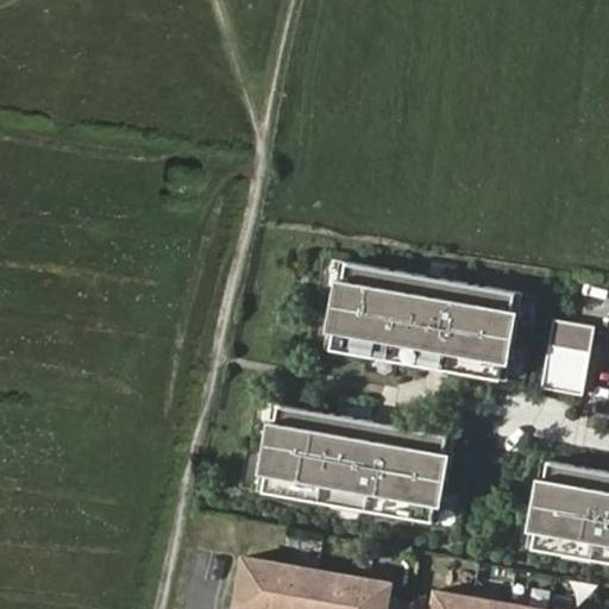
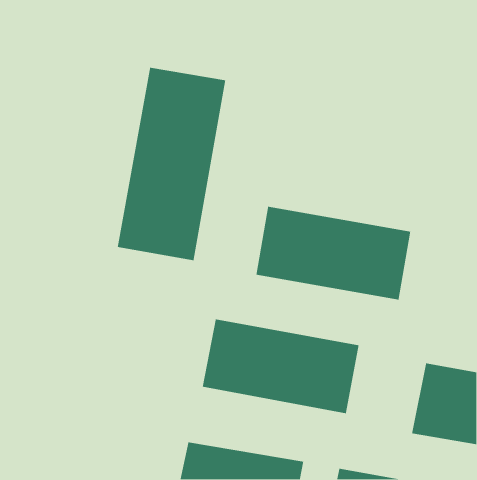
building: none -> [117,67,226,261]
building: [540,321,596,398] -> none

